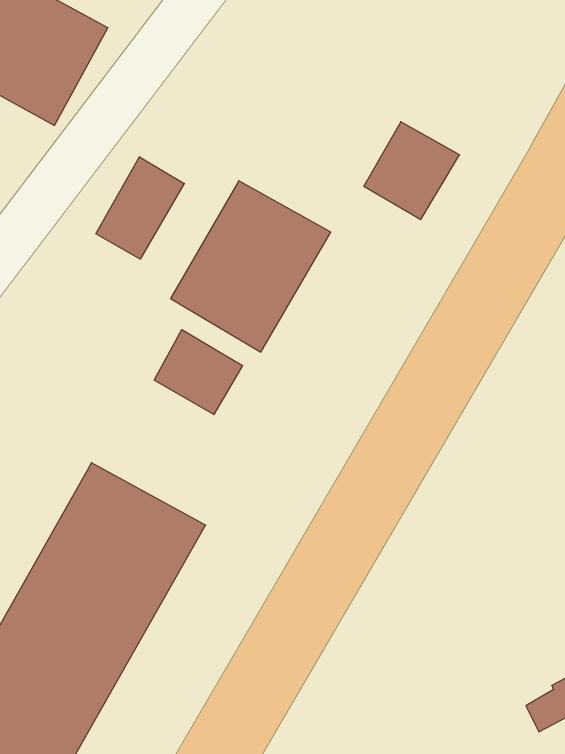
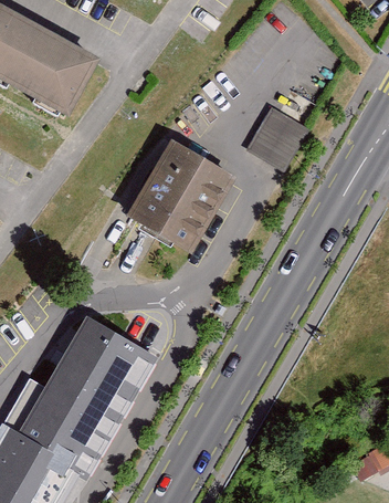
building: [96,157,184,259] -> none
building: [154,330,243,415] -> none

